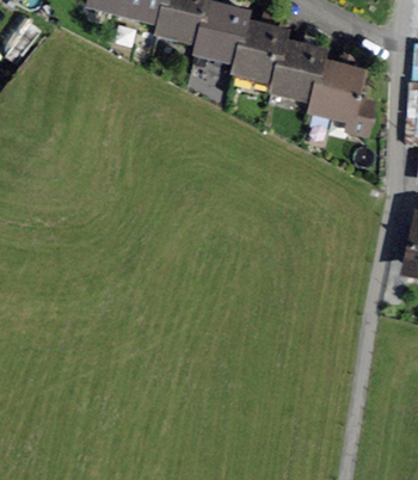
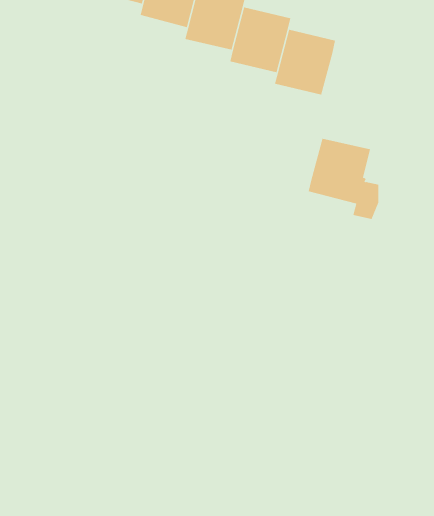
building: [311,62,371,131] -> [308,138,379,219]

